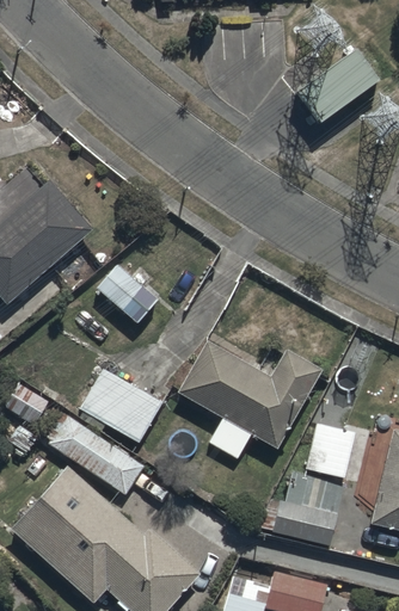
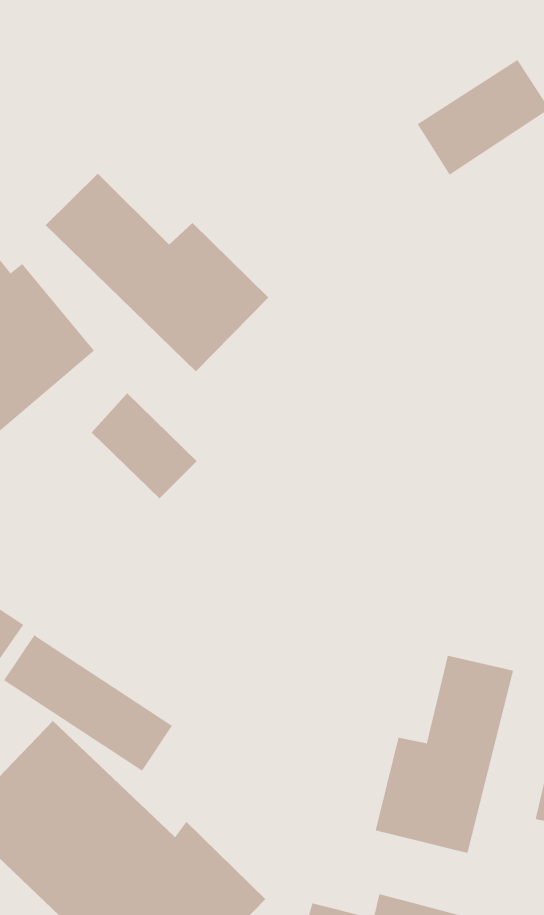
building: none -> [45,173,269,372]
building: [177,340,324,461] -> none
building: [79,371,161,446] -> none

